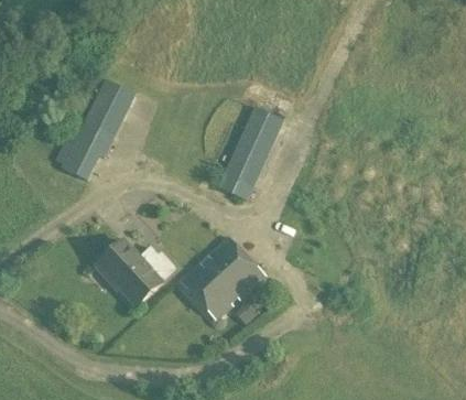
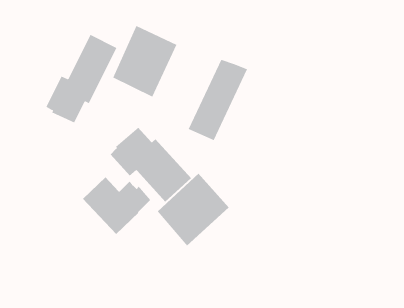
building: none -> [113,25,177,98]
building: none -> [110,127,192,203]

